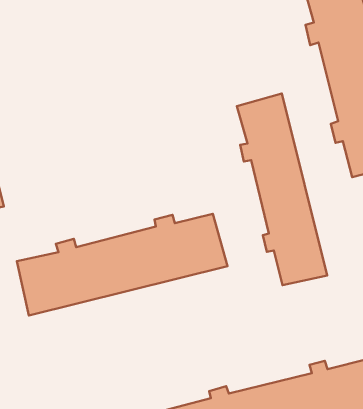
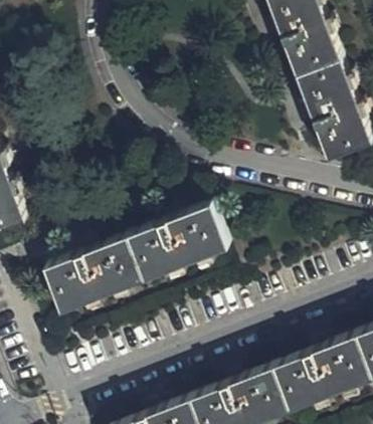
building: [237,94,327,285] -> none

